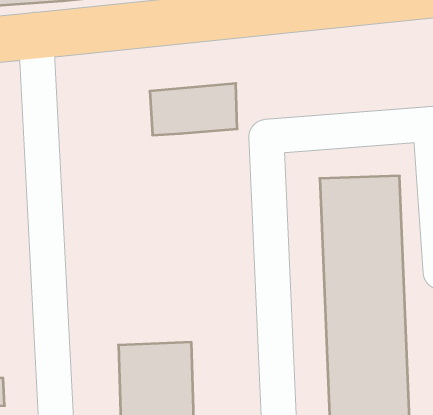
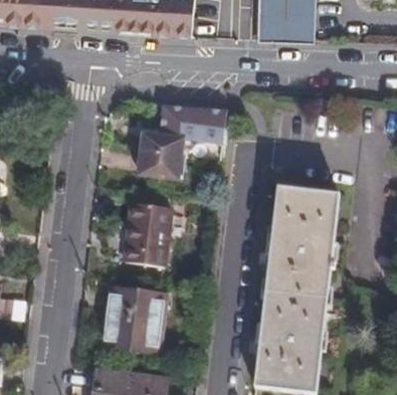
building: none -> [140,137,182,181]
building: none -> [127,206,171,267]

